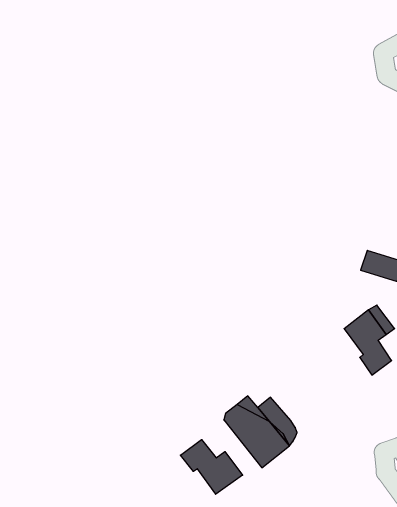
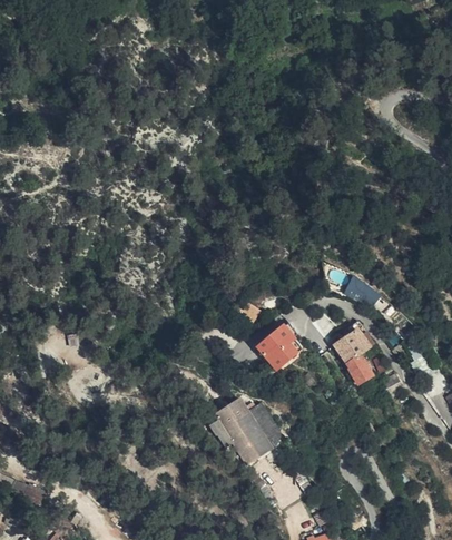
building: none -> [261,323,294,367]
building: [180,440,243,494] -> none

